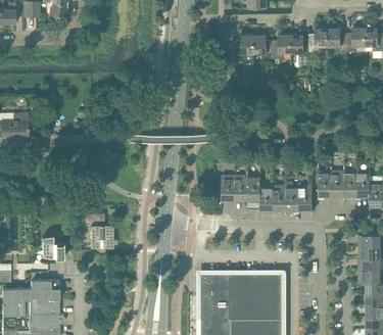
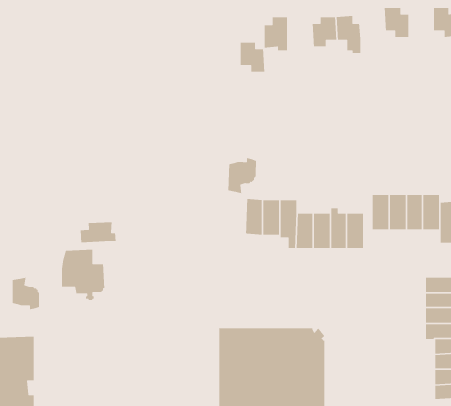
building: [308,28,328,52] -> none
building: [346,28,365,51] -> none
building: [253,35,273,58] -> [240,42,265,73]
building: none -> [227,157,257,194]
building: none -> [80,221,116,243]

